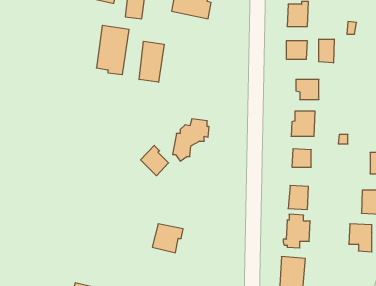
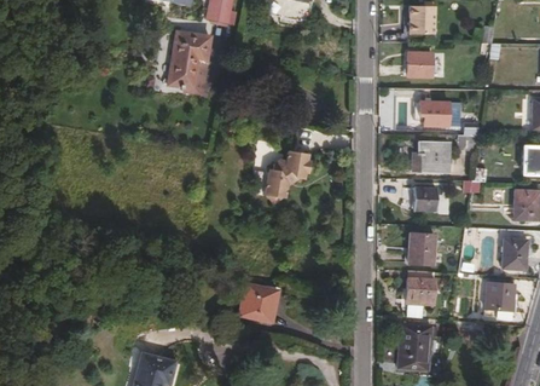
building: [319,39,334,63] -> none
building: [139,41,164,82] -> none
building: [141,145,169,176] -> none

